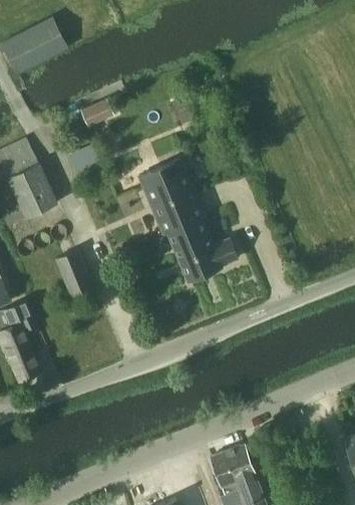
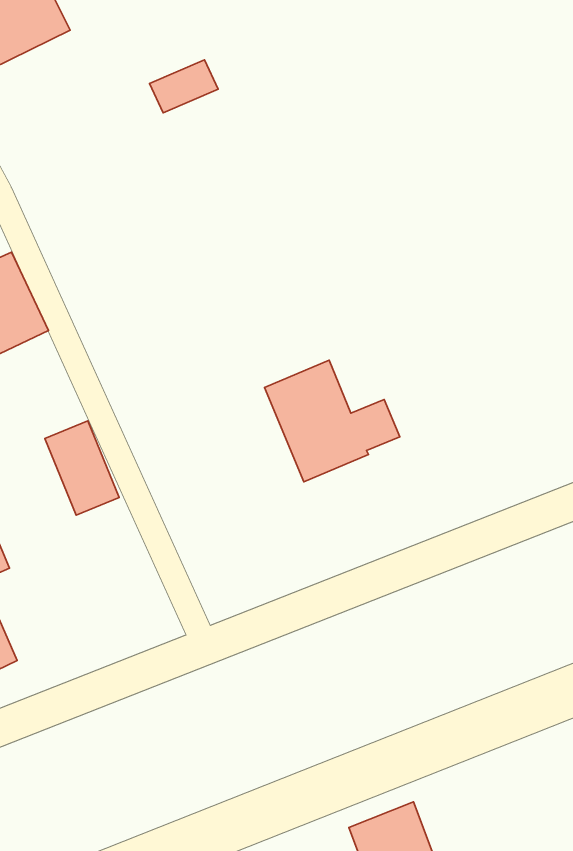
building: [79,100,114,128] -> [149,60,218,113]
building: [137,159,205,235] -> none

